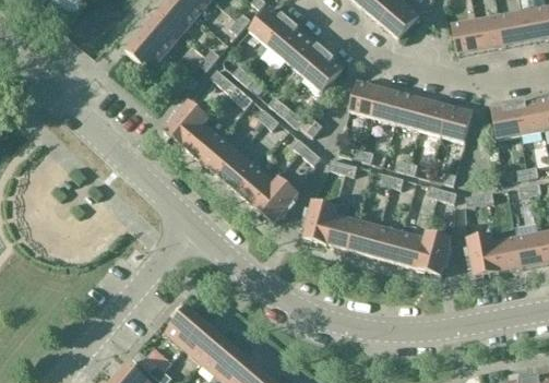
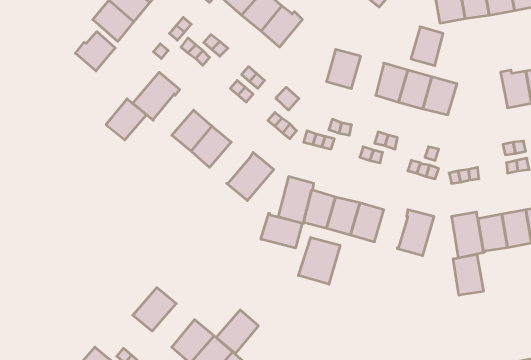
building: [303,50,343,92] -> none
building: none -> [75,32,115,71]
building: [372,85,403,122] -> [411,27,443,66]
building: [490,100,521,139] -> none
building: [183,121,222,160] -> [106,99,147,140]
building: [237,167,275,206] -> none
building: [394,231,426,267] -> none
building: none -> [261,213,302,248]
building: none -> [298,237,340,284]
building: none -> [453,254,483,295]
building: [182,321,223,362] -> [216,310,258,353]

